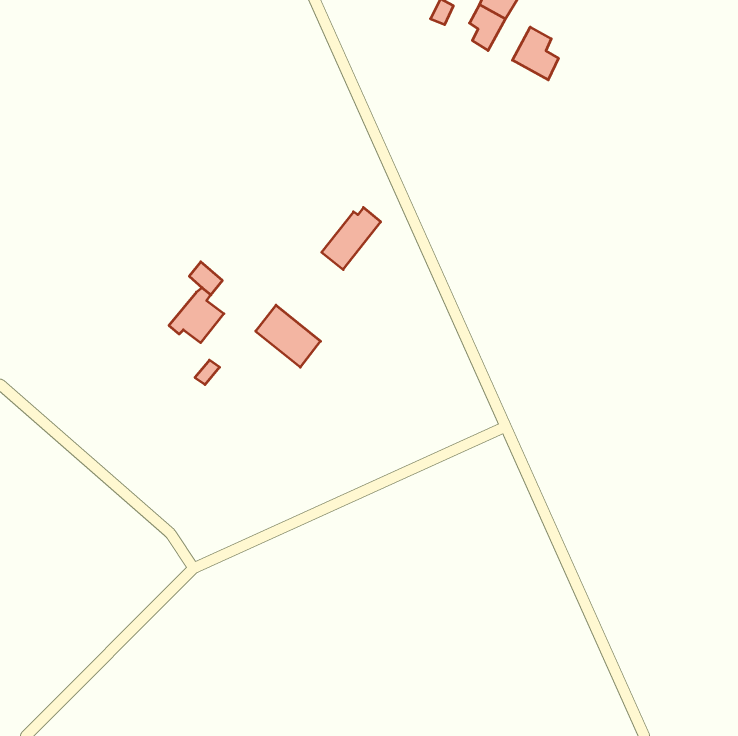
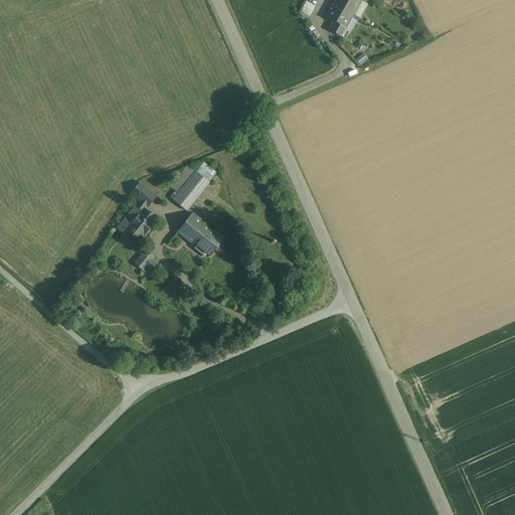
building: [512,27,558,80] -> none
building: [322,207,381,270] -> [171,166,212,209]

